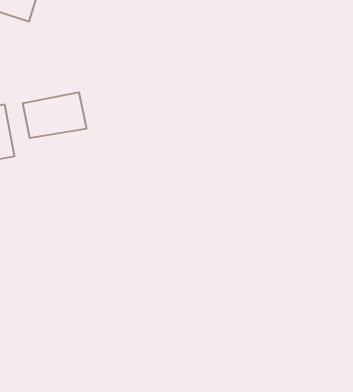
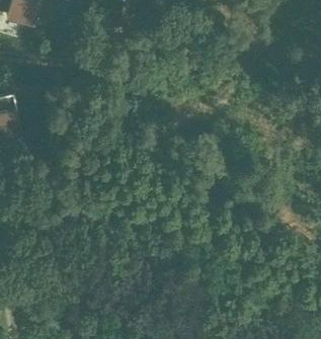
building: [23,92,86,138] -> none

